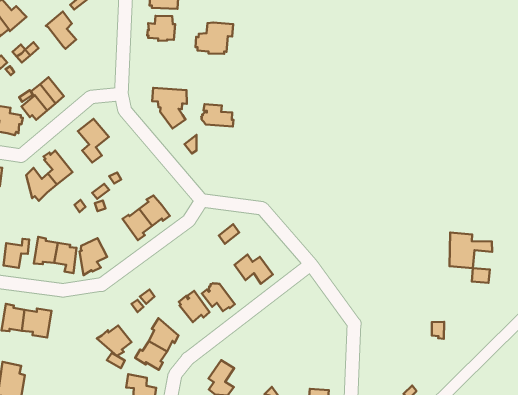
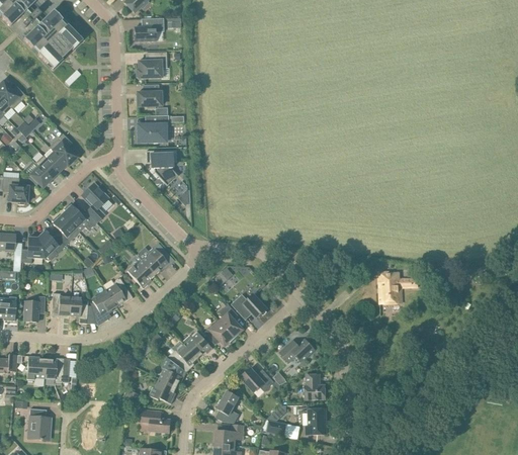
building: [46,11,76,49] -> [49,132,77,166]
building: [195,23,233,54] -> [137,114,169,143]
building: [201,104,234,126] -> none
building: none -> [62,203,96,232]
building: none -> [20,237,45,262]
building: none -> [106,277,133,305]
building: [450,233,492,268] -> [378,272,418,302]
building: none -> [220,303,244,339]
building: none -> [279,339,315,363]
building: [97,326,131,356] -> [167,344,198,371]
building: none -> [241,368,274,392]
building: none -> [305,374,326,399]

